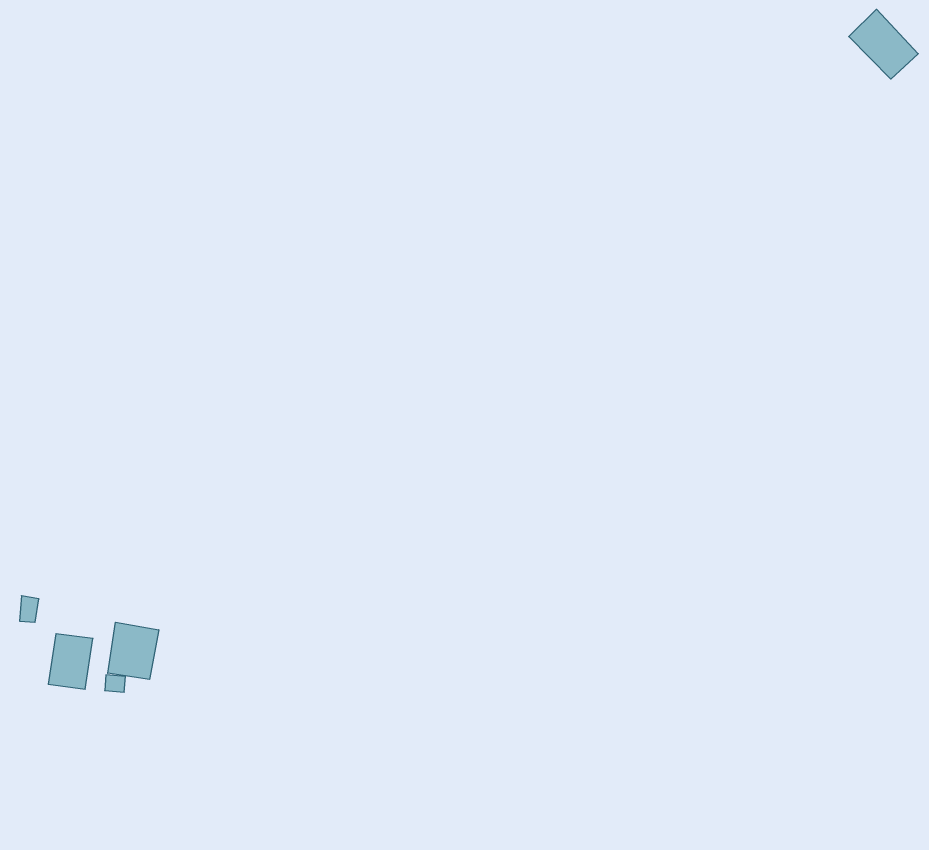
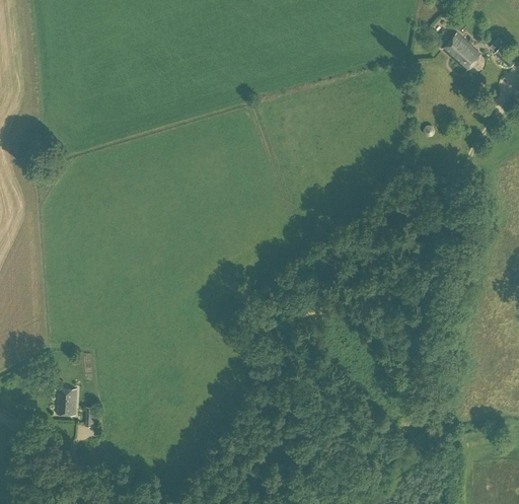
building: [108,622,159,679] -> none

